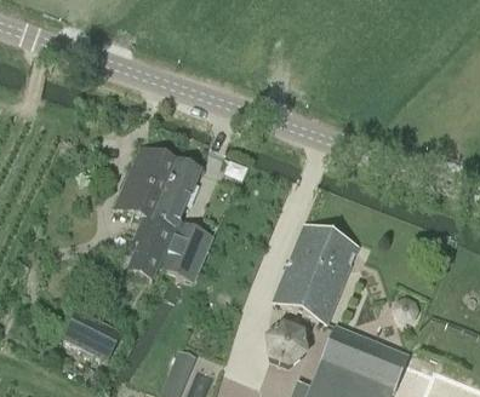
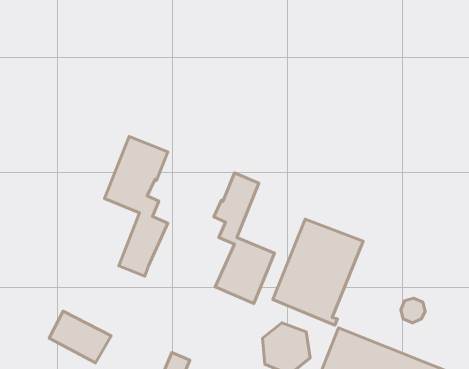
building: [156,161,213,283] -> [214,173,274,304]

